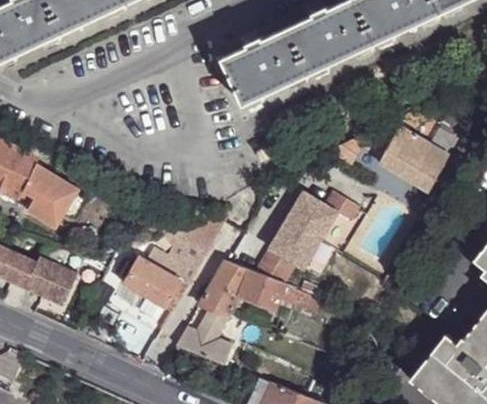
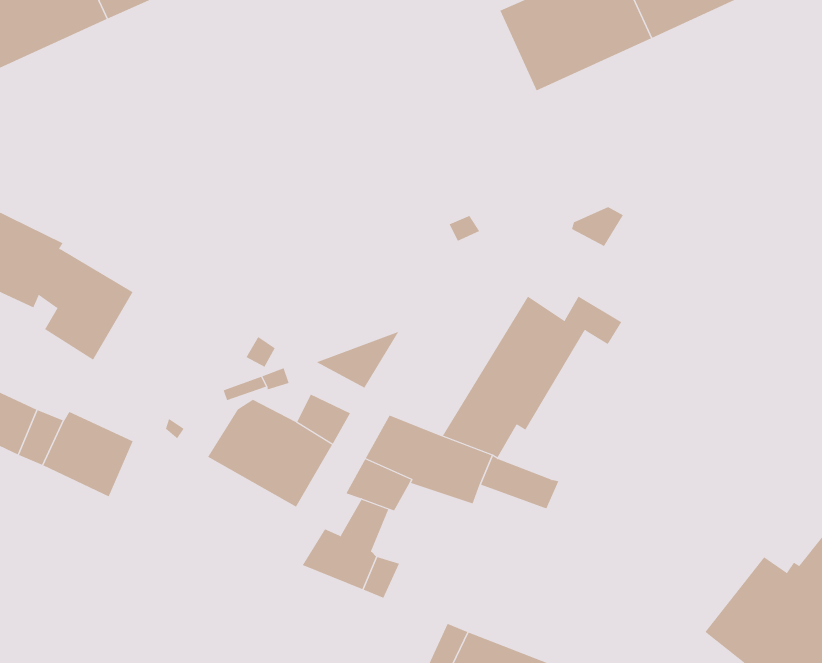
building: [222,28,310,105] -> none
building: [379,127,457,189] -> none

